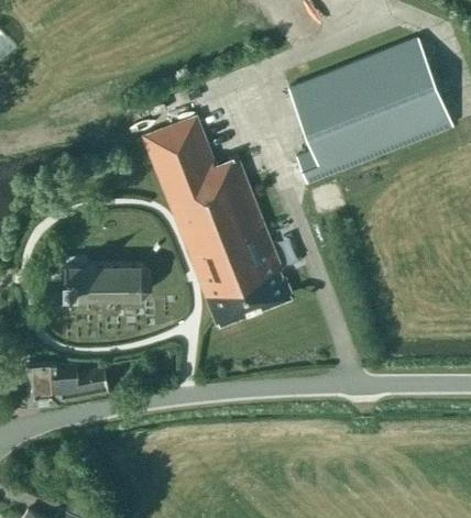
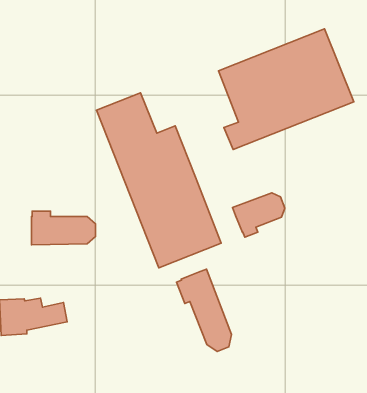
building: none -> [232,193,285,237]
building: none -> [177,269,232,351]

